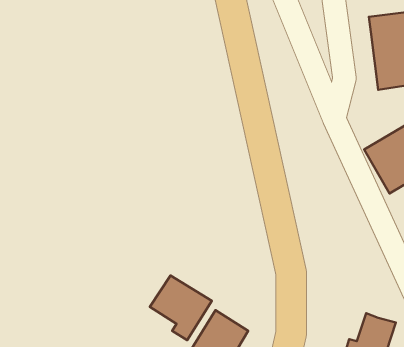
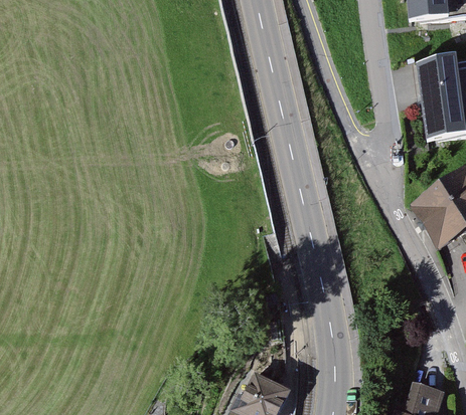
building: [150,275,212,340] -> none

